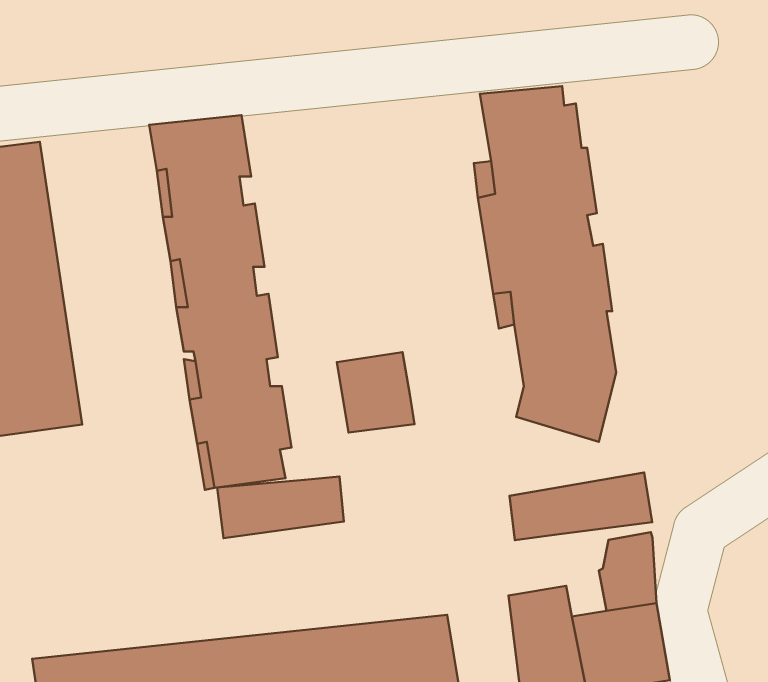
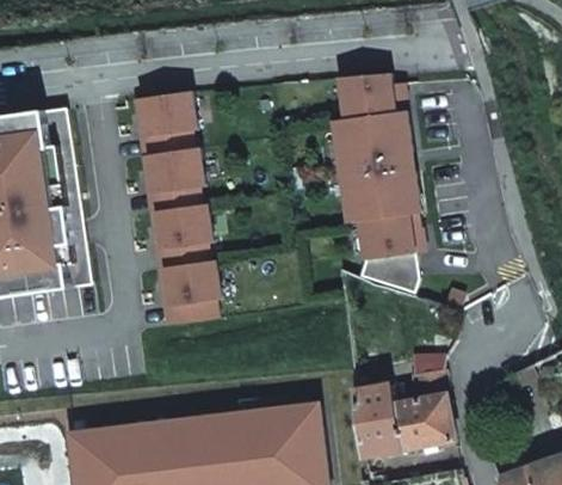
building: [337,352,415,432] -> none
building: [509,473,652,540] -> none
building: [217,476,344,538] -> none

